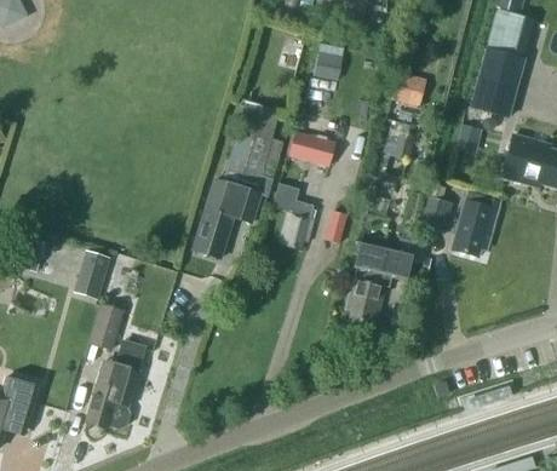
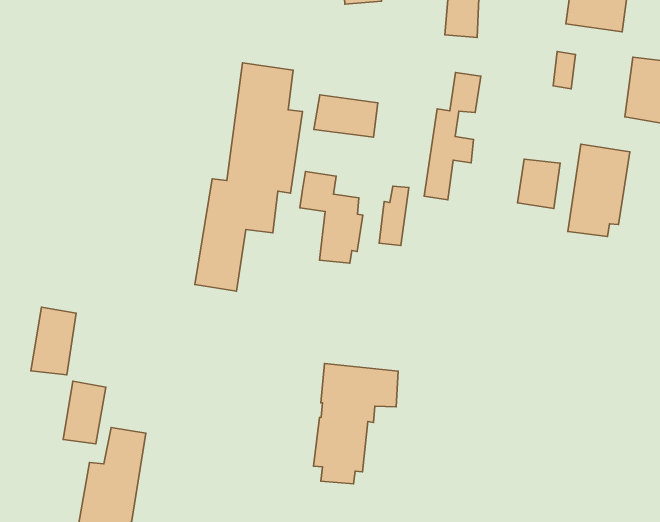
building: [344,241,410,326] -> [314,363,398,484]

